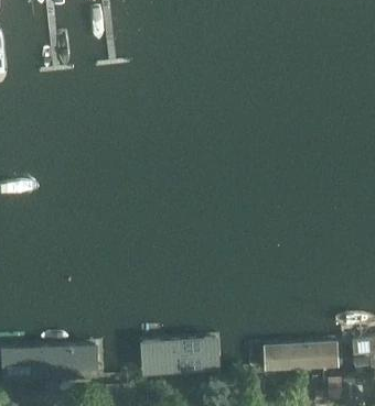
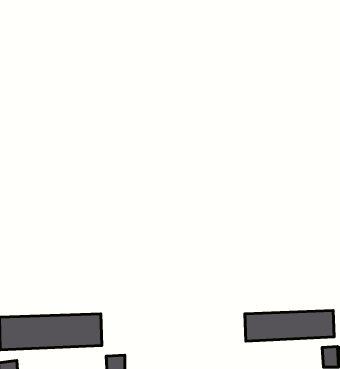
building: [139,336,222,375] -> none

